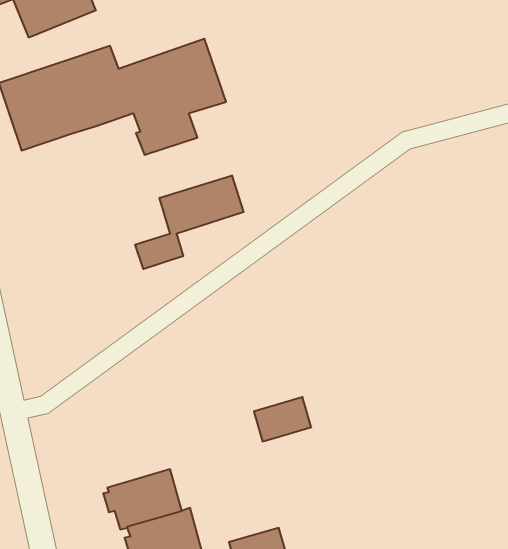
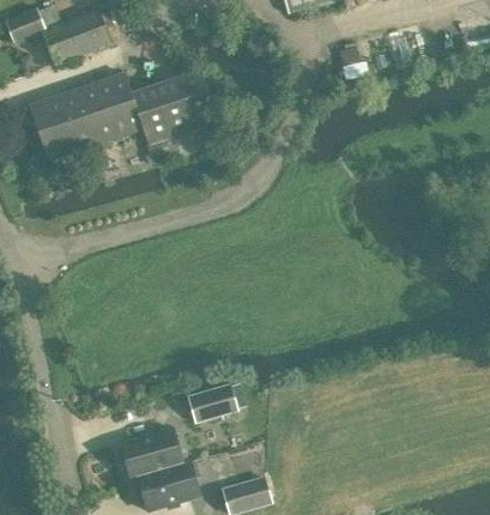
building: [135,175,244,269] -> none
building: [254,397,311,441] -> [189,383,237,420]

